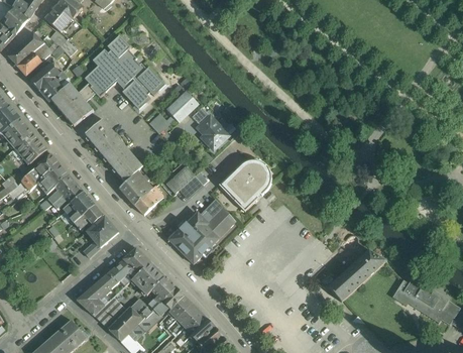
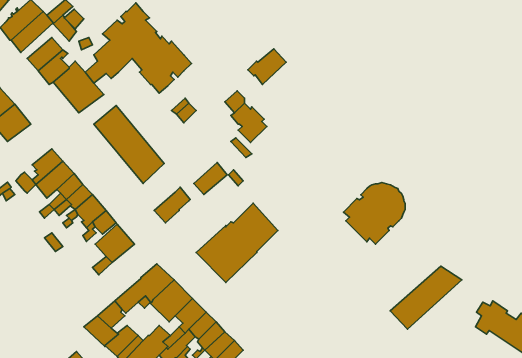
building: [165,93,197,122] -> [248,49,286,85]
building: [14,134,46,164] -> none
building: [221,158,271,209] -> [343,182,405,244]
building: [120,171,151,205] -> none

